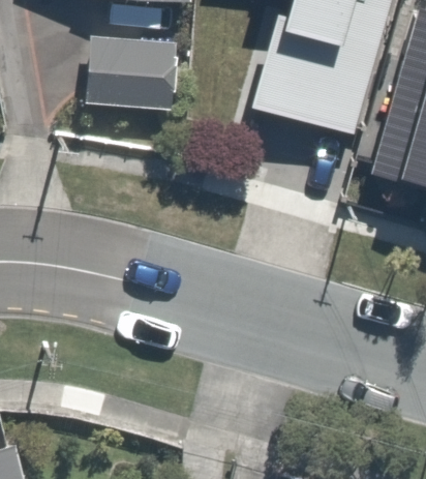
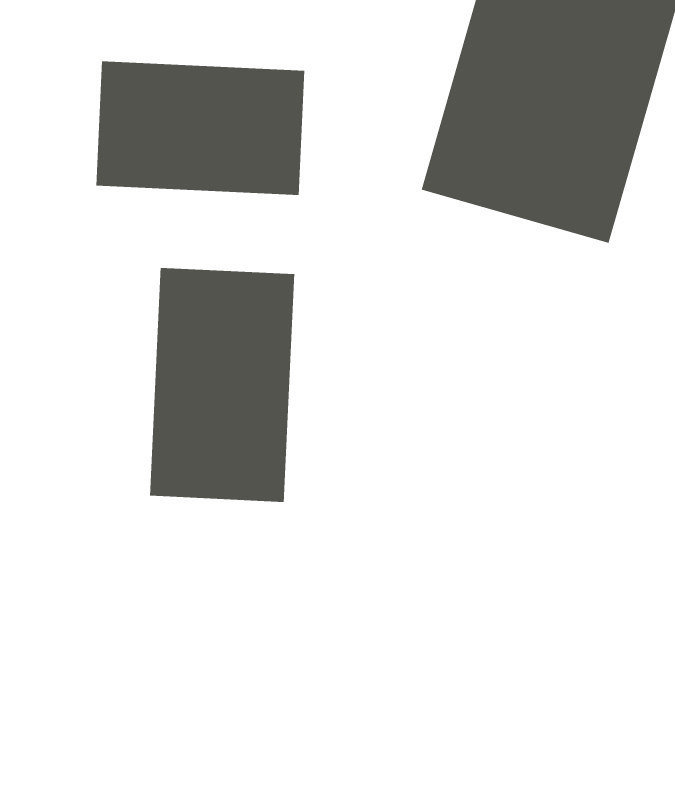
building: none -> [149,267,295,503]

